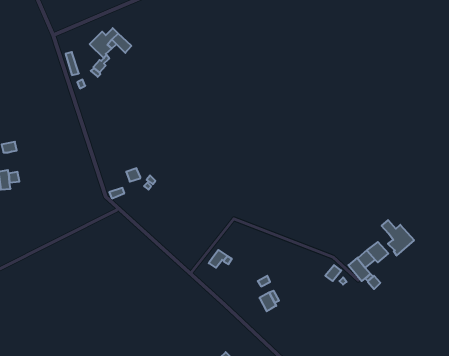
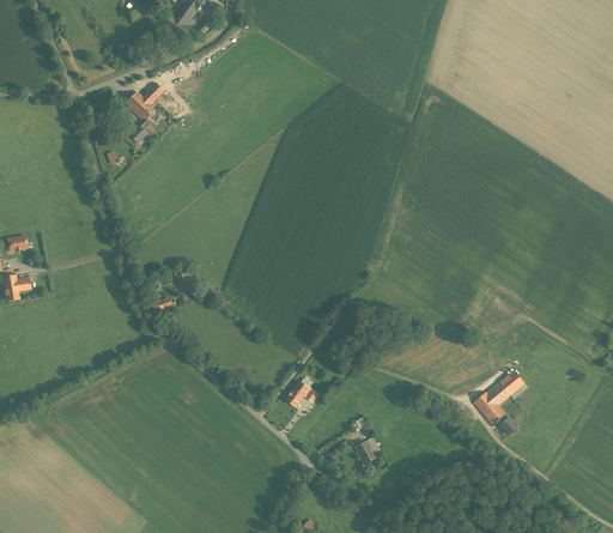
building: [382,220,414,256] -> none

